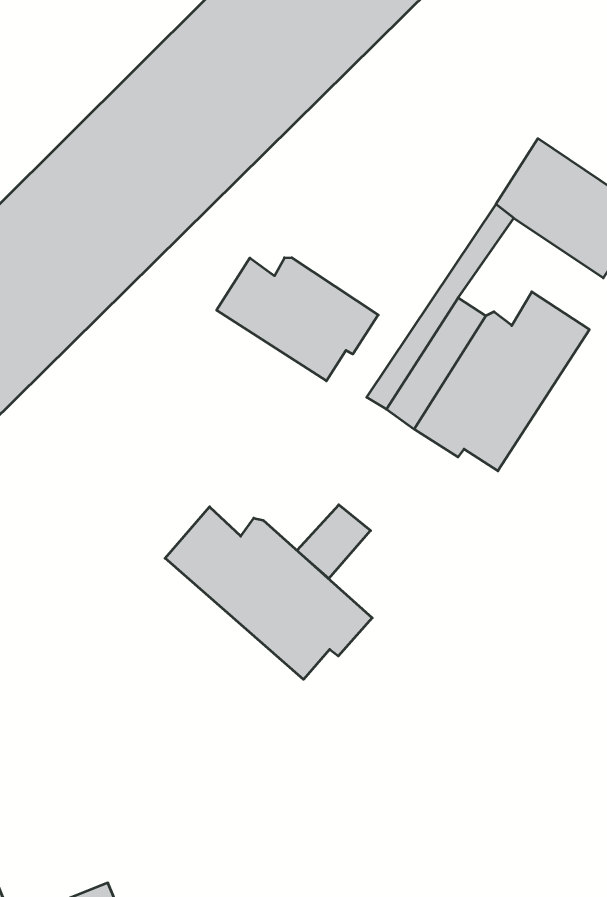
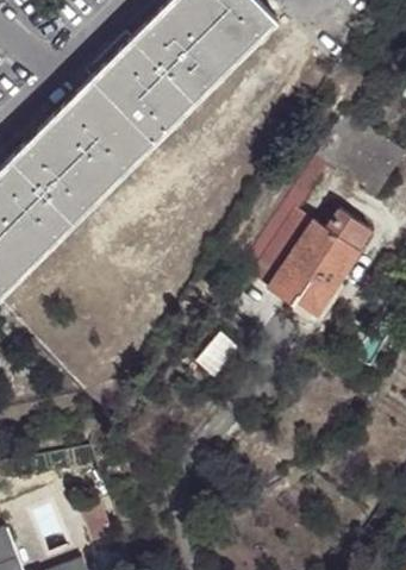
building: [217,258,378,381] -> none
building: [165,507,372,679] -> none

